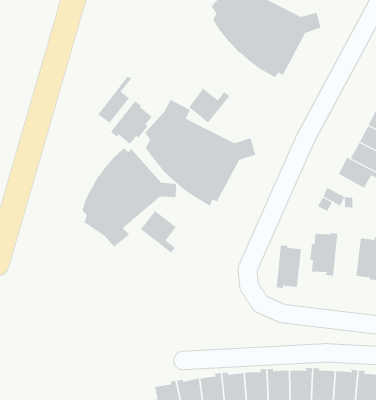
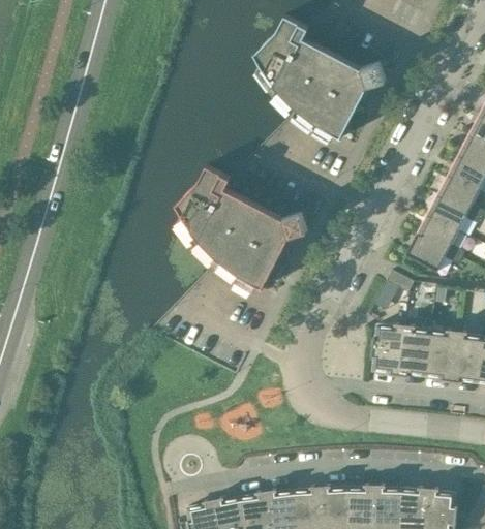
building: [95,76,132,124] -> none
building: [188,87,230,124] -> none
building: [110,100,152,145] -> none
building: [81,147,176,247] -> none
building: [140,210,176,253] -> none
building: [276,245,302,288] -> [400,325,431,377]

